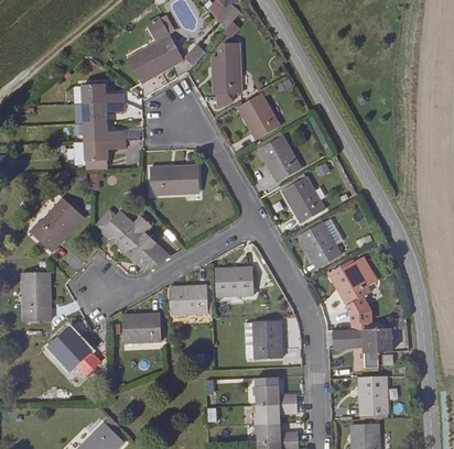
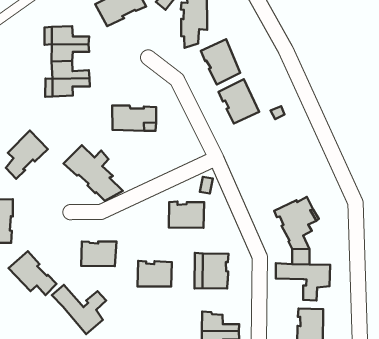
building: [283,172,327,221] -> none
building: [300,217,343,263] -> none
building: [169,286,206,315] -> [137,261,172,287]
building: none -> [52,285,106,334]

